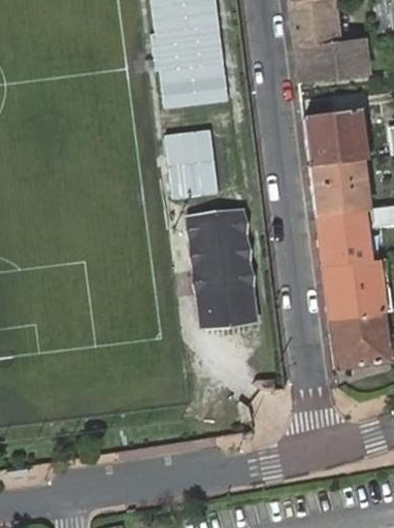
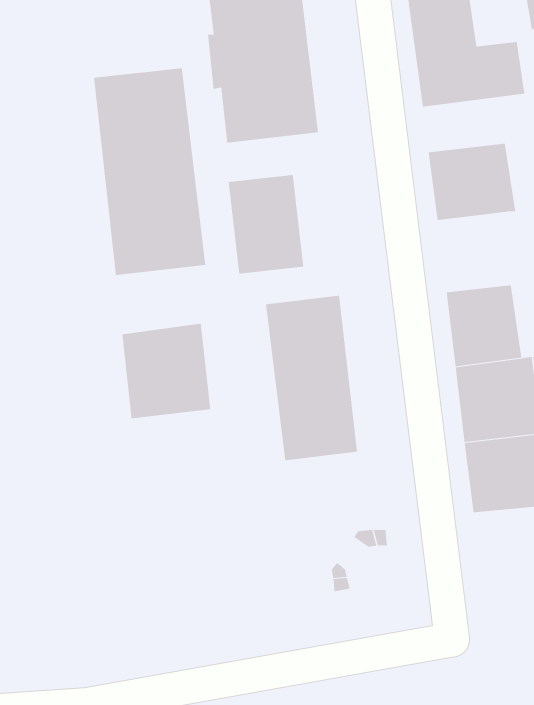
building: none -> [94,68,206,276]
building: [310,155,367,210] -> none
building: none -> [122,323,211,419]

